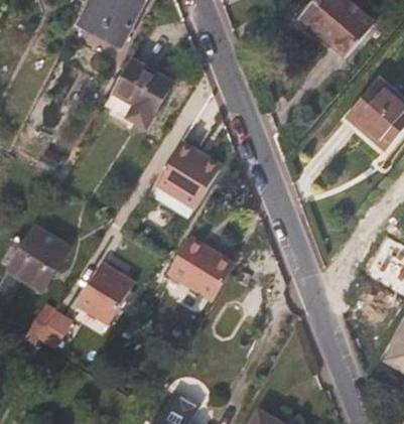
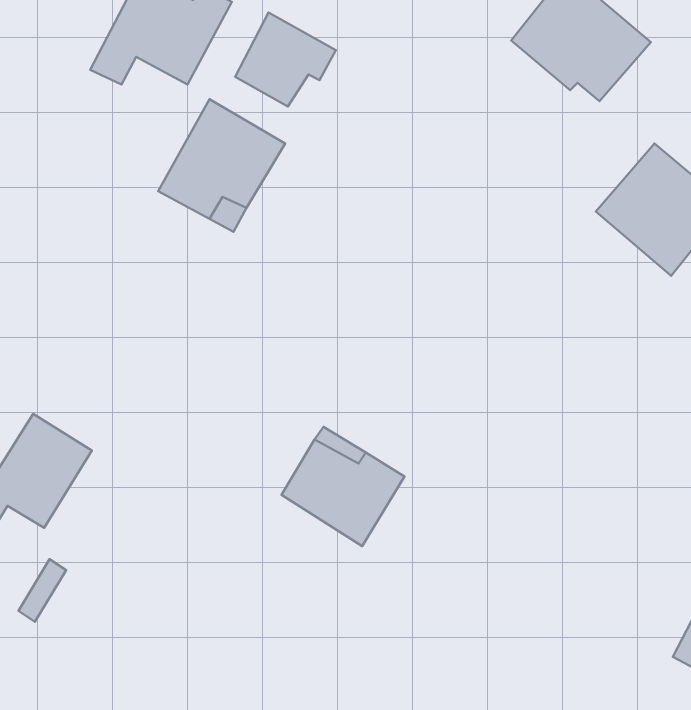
building: none -> [235,12,336,107]
building: [150,152,218,220] -> none
building: [74,260,135,327] -> none

